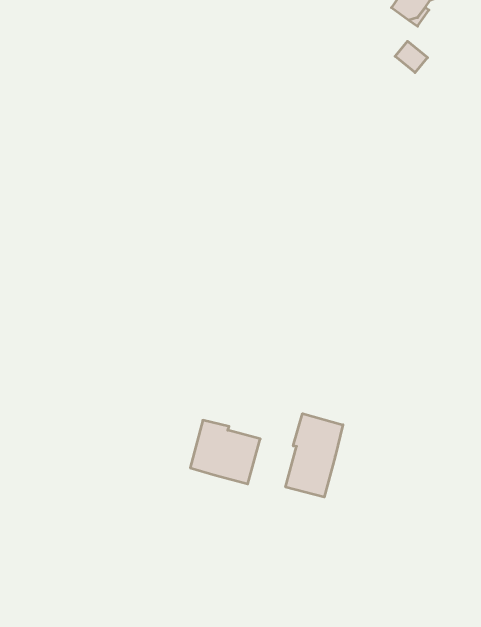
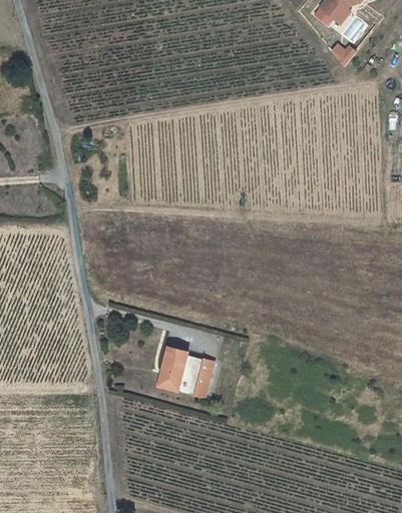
building: [286,414,343,497] -> none

